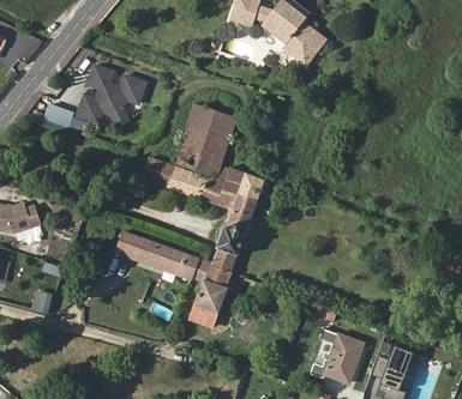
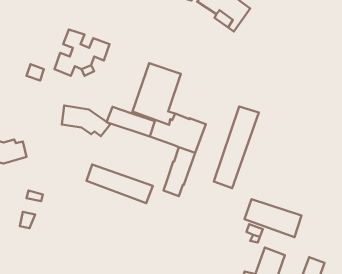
building: none -> [62,105,110,136]
building: none -> [214,106,259,188]
building: [188,256,232,327] -> none
building: none -> [245,199,302,237]

